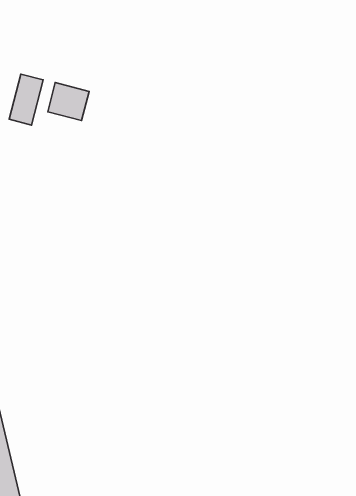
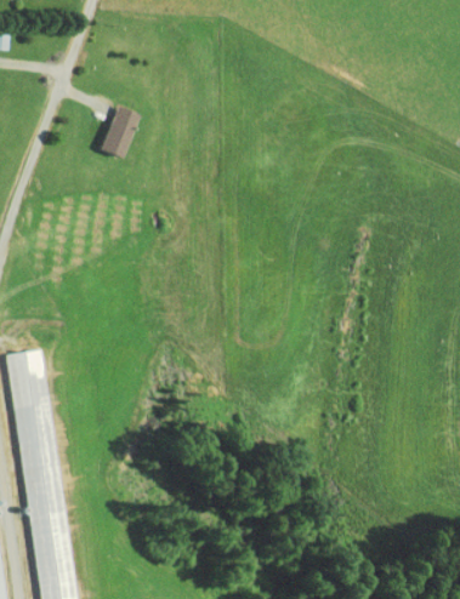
building: [48,83,89,120] -> none

